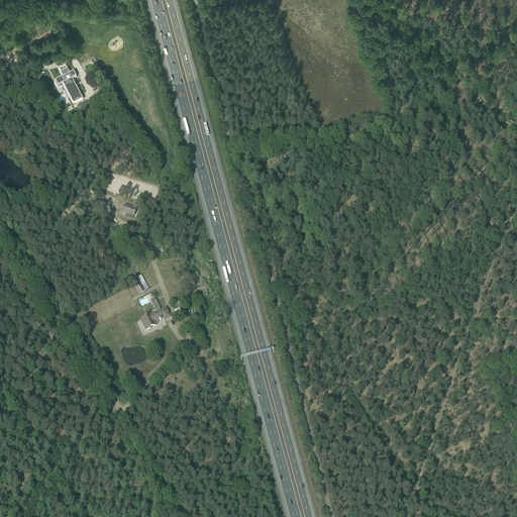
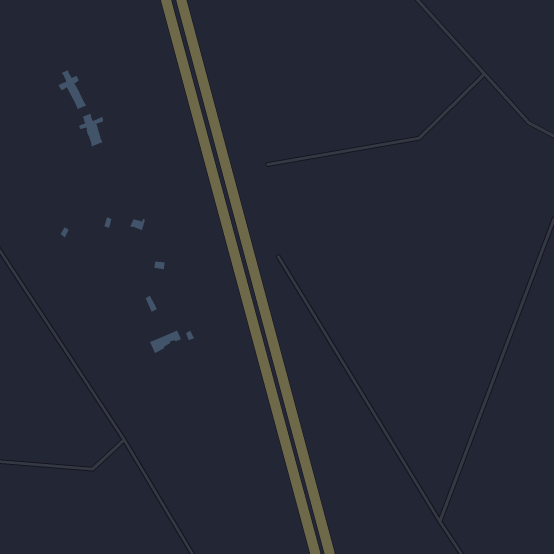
building: none -> [78,113,104,147]

